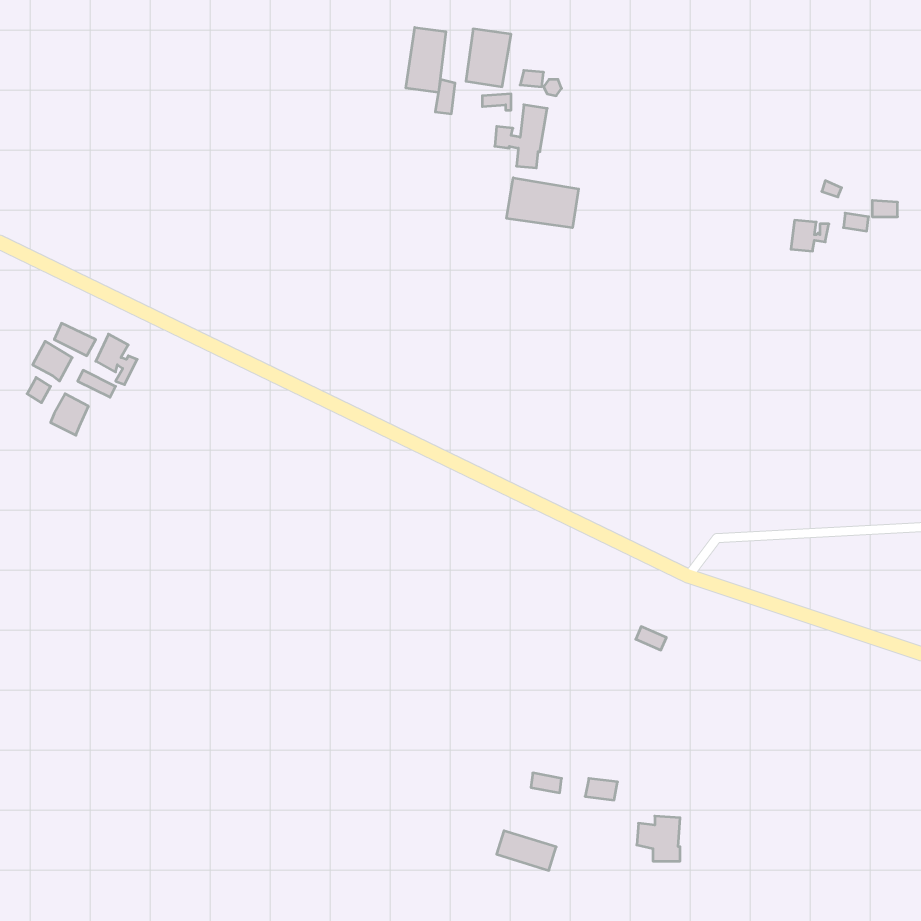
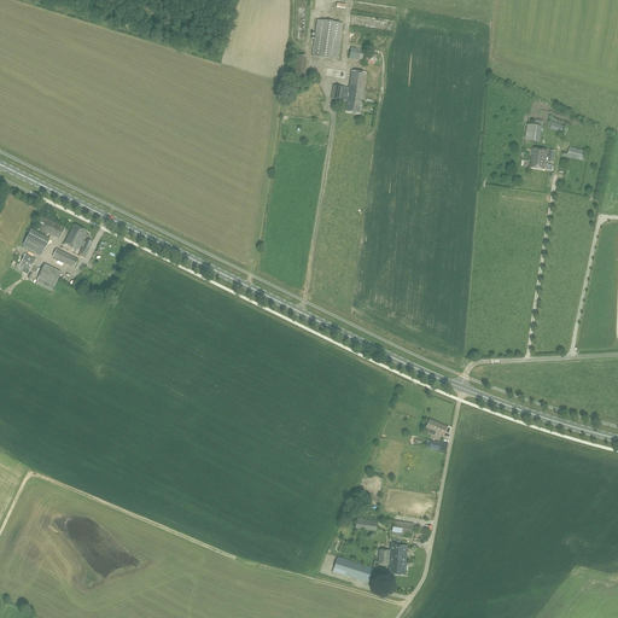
building: [406,27,446,93] -> none
building: [507,178,579,228] -> none
building: [637,816,680,861] -> [377,543,406,573]

